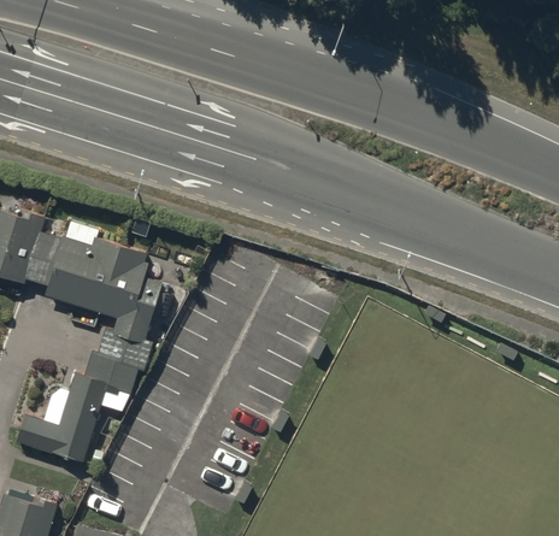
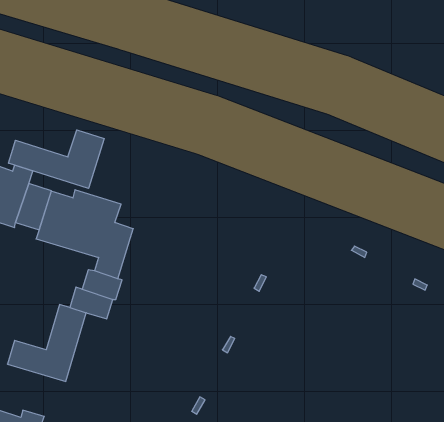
building: none -> [9,130,104,188]

